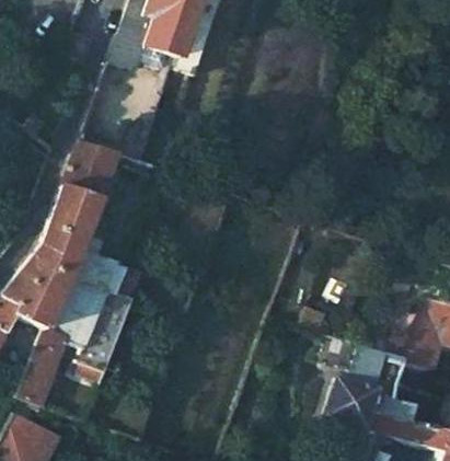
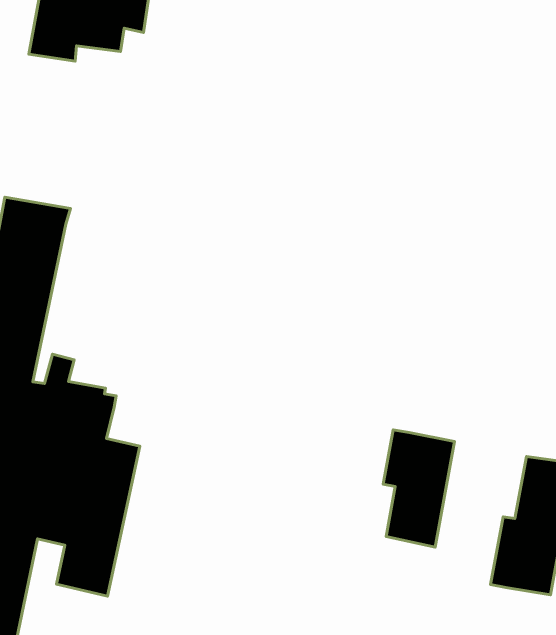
building: none -> [383,430,454,547]

